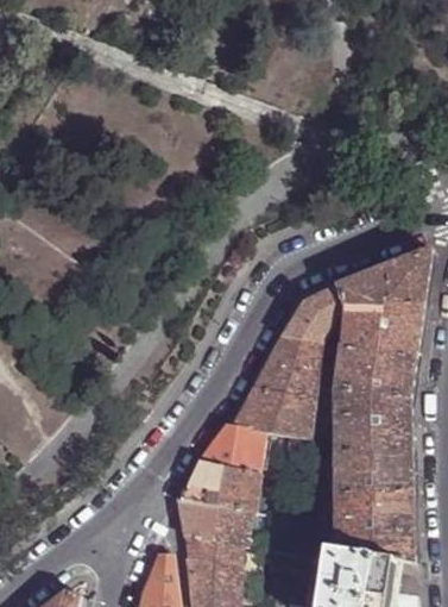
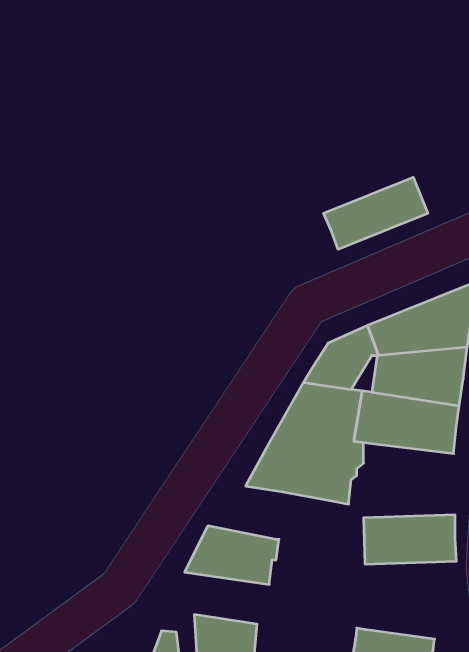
building: none -> [324,177,428,249]
building: [333,390,412,456] -> none
building: [197,426,263,475] -> none
building: [334,494,415,565] -> none
building: [177,503,251,549] -> none

